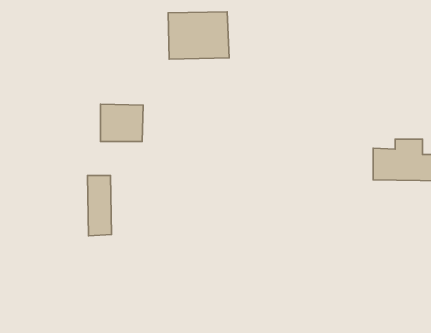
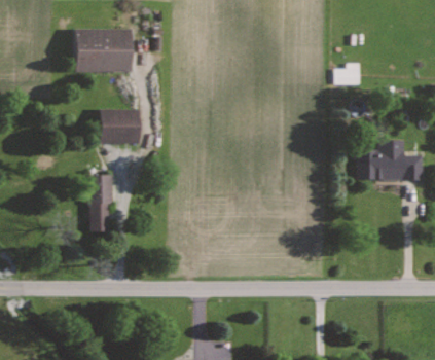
building: [168,12,229,59] -> [76,28,134,72]
building: none -> [334,63,360,84]

